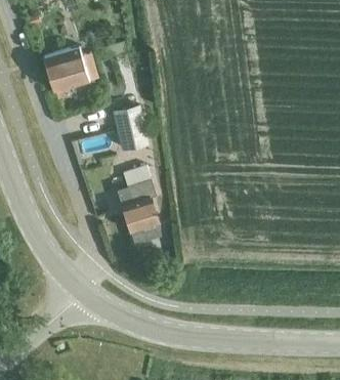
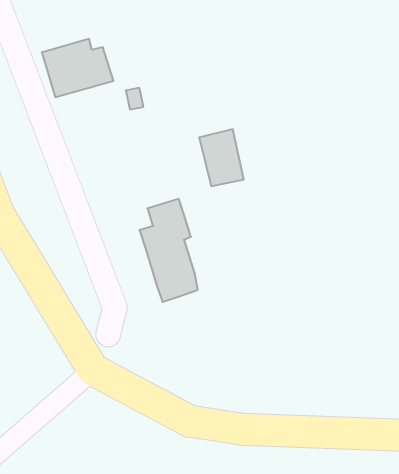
building: [113,108,146,151] -> [199,129,244,186]

